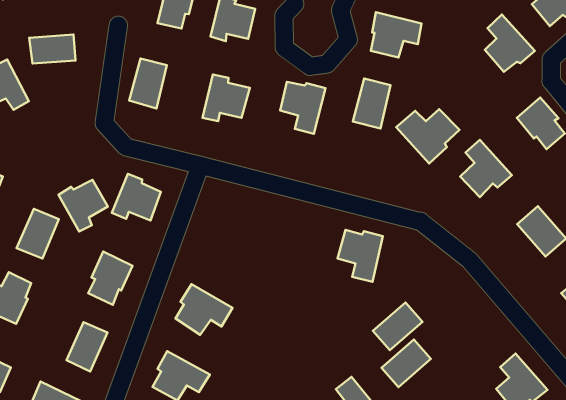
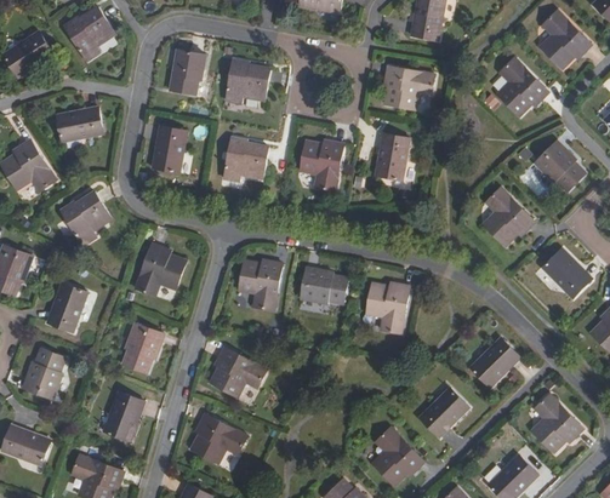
building: [396,109,459,163] -> none
building: [58,180,108,231] -> [59,195,109,247]
building: none -> [236,261,280,310]
building: none -> [298,268,347,305]
building: [373,302,422,350] -> [469,338,518,387]

